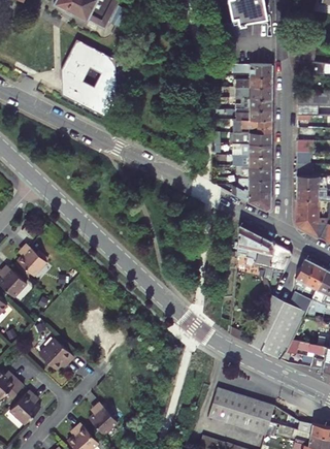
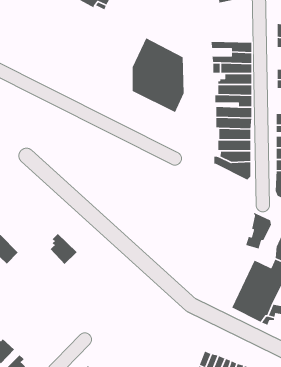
building: [57,37,111,117] -> [132,37,184,113]
building: [237,224,272,267] -> none
building: [19,243,47,276] -> [50,233,78,265]
building: [38,338,72,370] -> none

